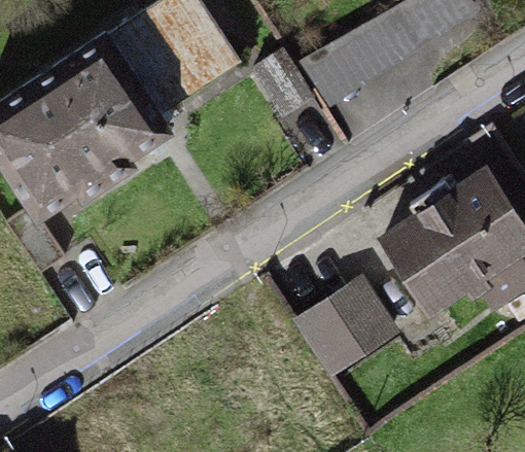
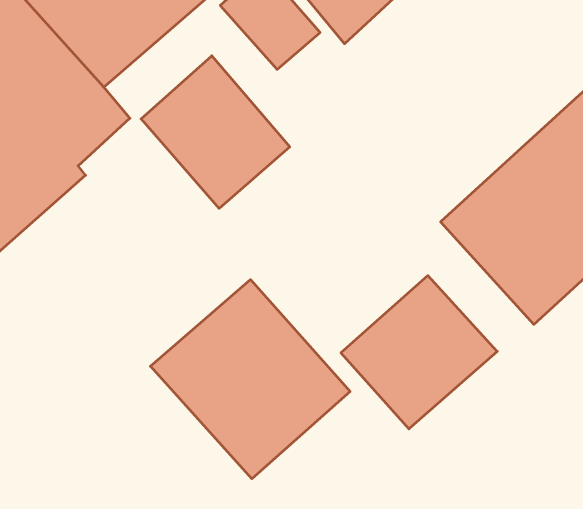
building: none -> [141,56,290,208]
building: none -> [150,280,350,479]

